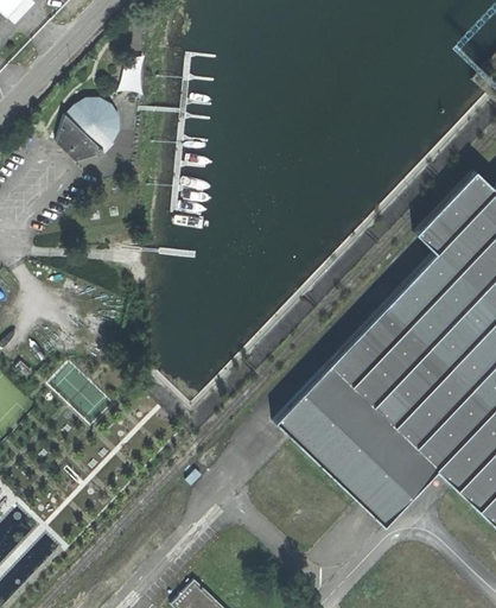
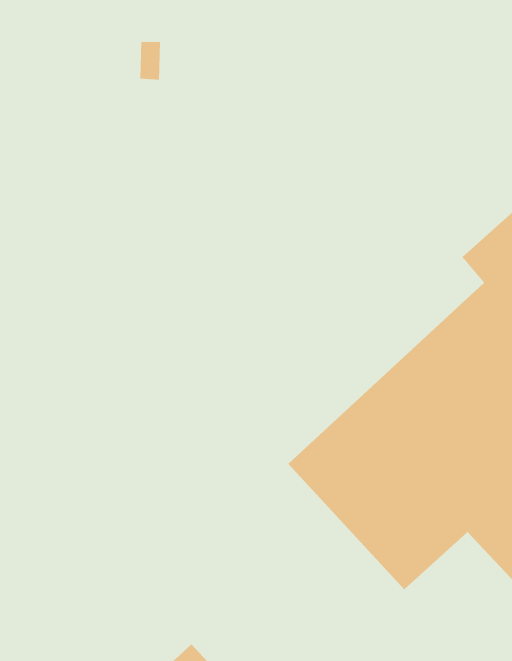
building: [58,99,120,162] -> none

